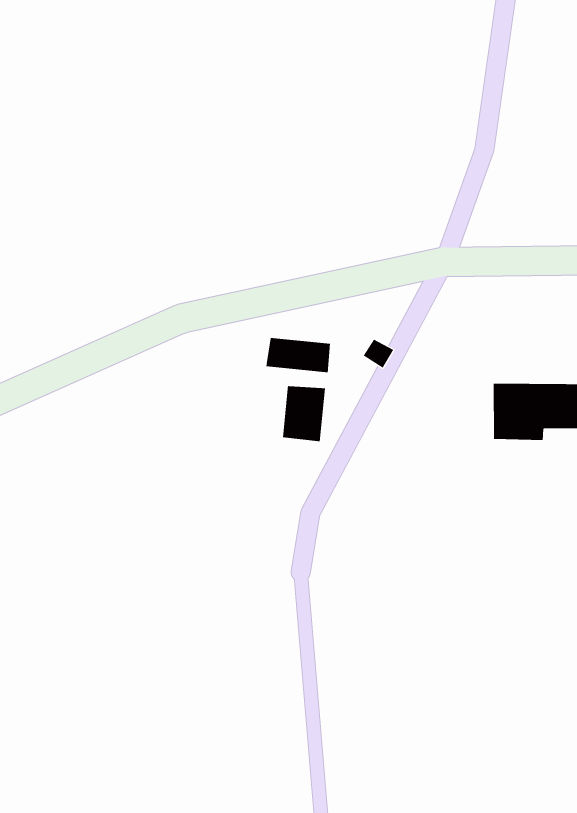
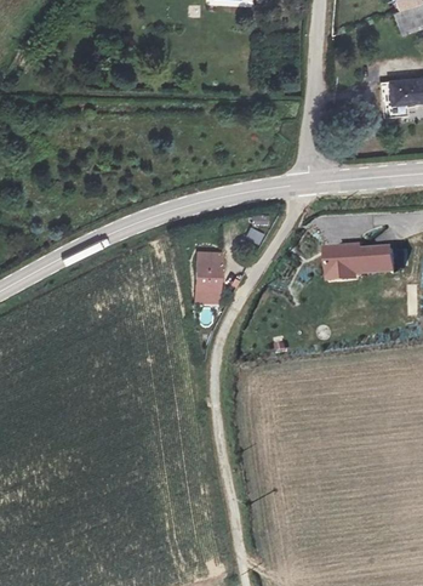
building: [266,337,331,373] -> none

